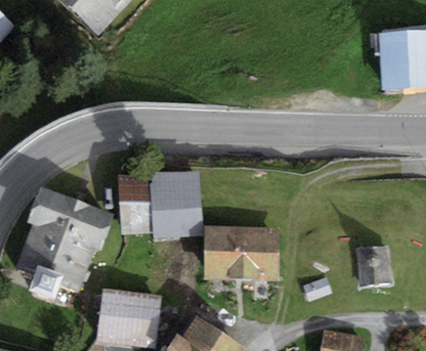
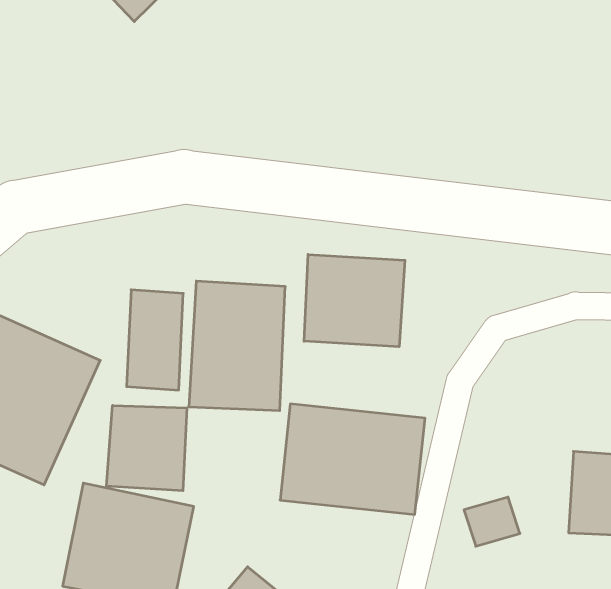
building: none -> [304,254,405,347]
building: none -> [106,405,187,491]

